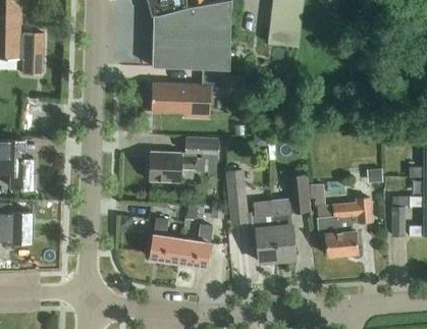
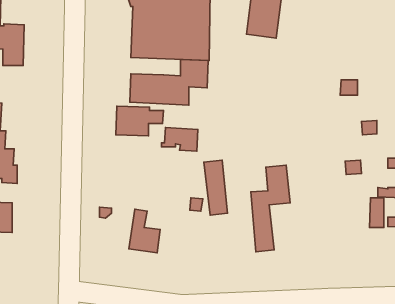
building: [148,152,196,181] -> [116,106,164,136]
building: [310,184,367,256] -> none
building: [253,201,276,262] -> none
building: [177,224,211,266] -> none

